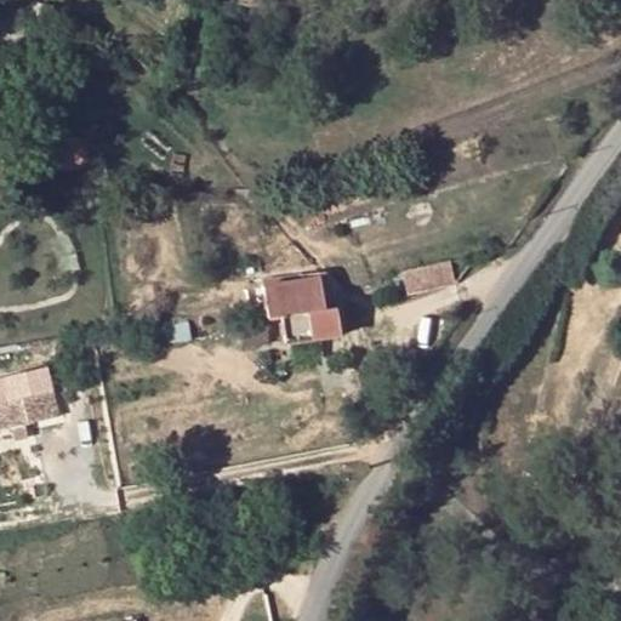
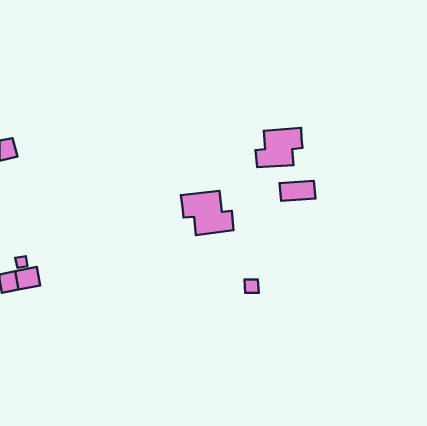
building: none -> [255,128,303,167]

